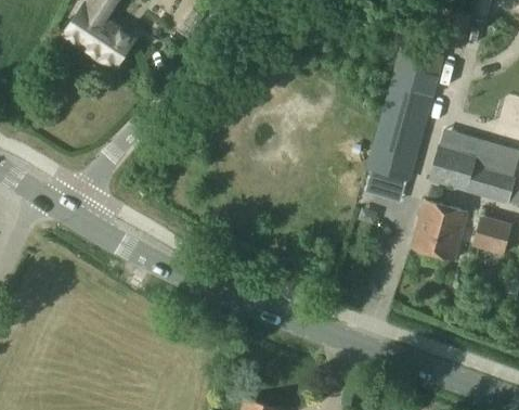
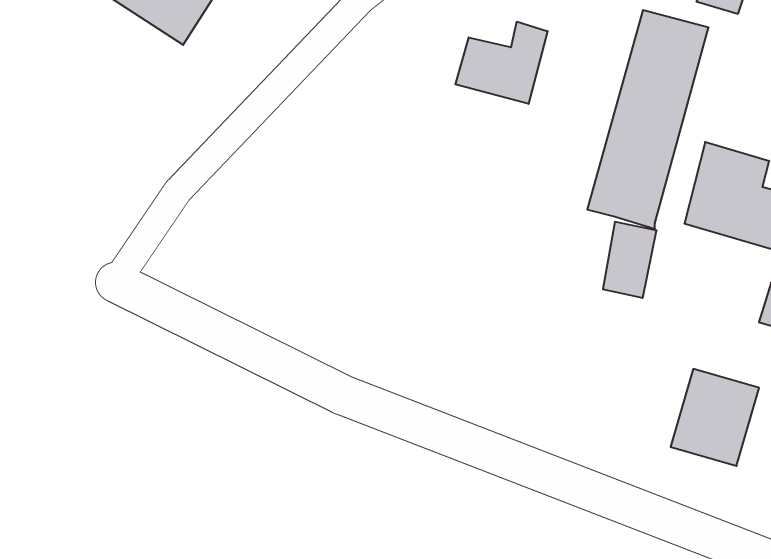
building: none -> [455,22,548,104]
building: [412,198,467,259] -> [671,369,759,466]

